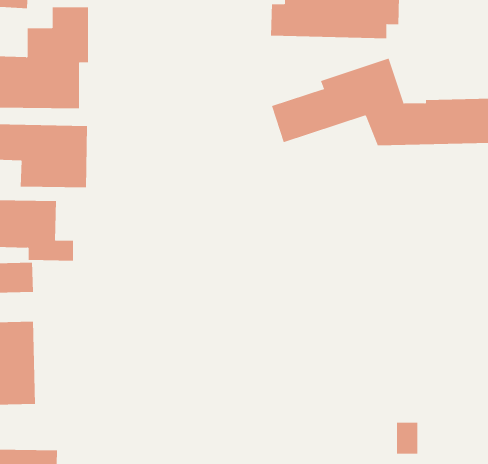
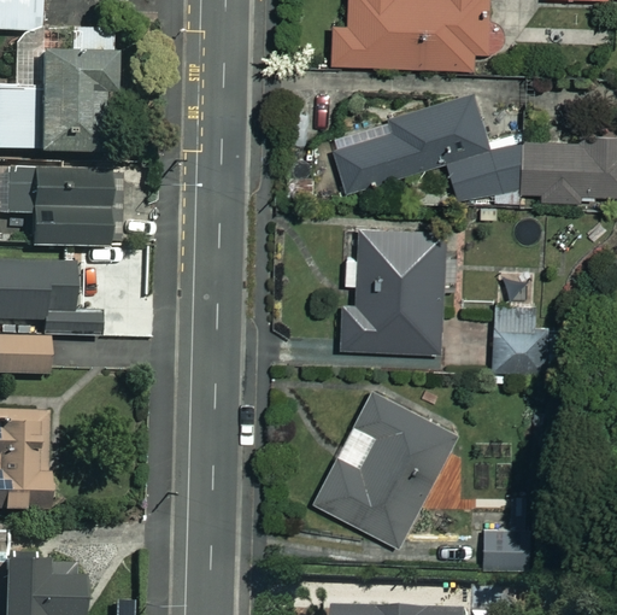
building: none -> [341,226,446,353]
building: none -> [493,306,547,376]
building: none -> [313,392,454,546]

